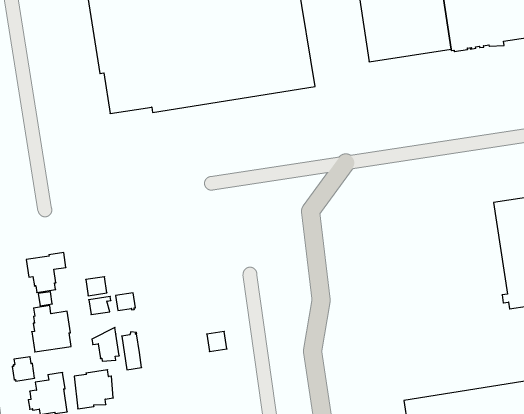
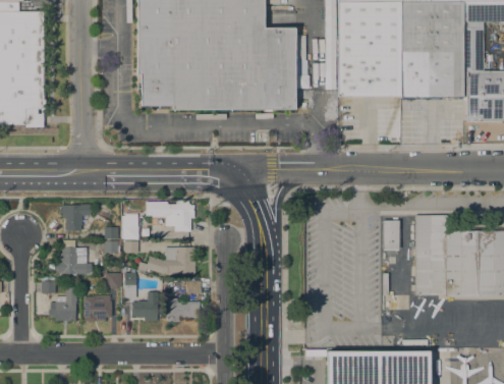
building: none -> [383,220,399,249]
building: none -> [146,201,190,231]
building: none -> [121,213,138,239]
building: none -> [137,246,194,273]
building: none -> [131,291,160,321]
building: none -> [166,297,200,321]

